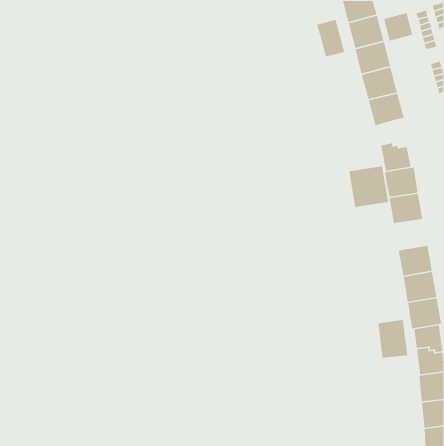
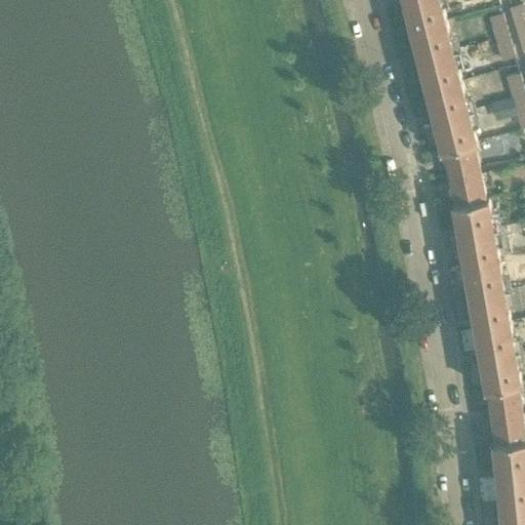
building: [383,12,413,42] -> none
building: [316,19,345,57] -> none
building: none -> [441,140,478,174]
building: [348,165,389,208] -> none
building: none -> [461,258,502,294]
building: [377,319,408,358] -> none

